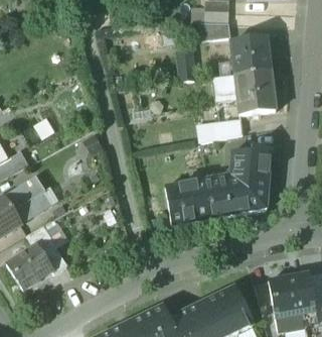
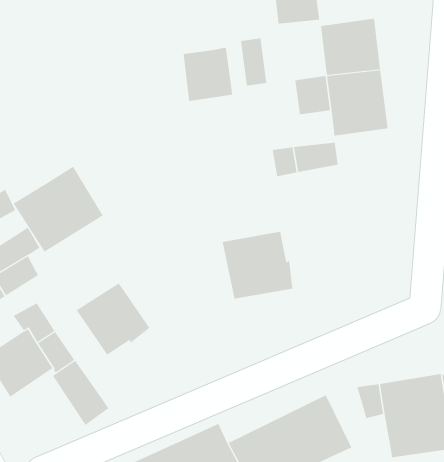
building: none -> [182,47,233,102]
building: none -> [13,166,104,252]
building: [204,146,272,217] -> none
building: none -> [76,282,150,355]
building: none -> [52,360,109,426]

